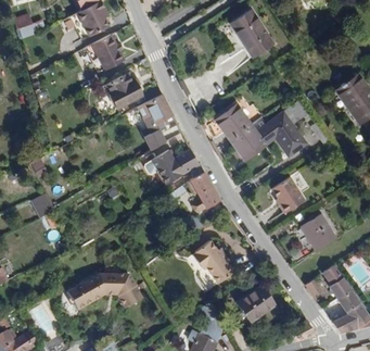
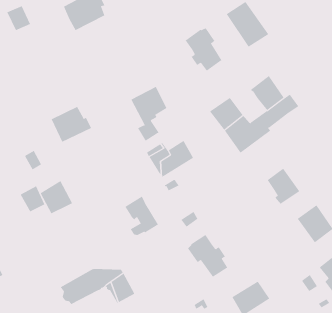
building: [87,34,126,68] -> none
building: none -> [185,27,222,72]
building: [102,73,142,109] -> [51,106,92,143]
building: [273,121,307,155] -> [250,75,285,111]
building: [187,171,220,210] -> [124,196,159,236]
building: none -> [40,180,73,214]

